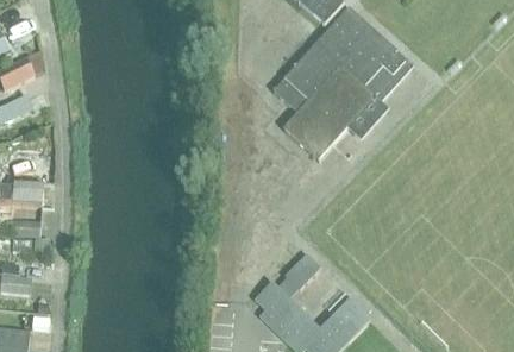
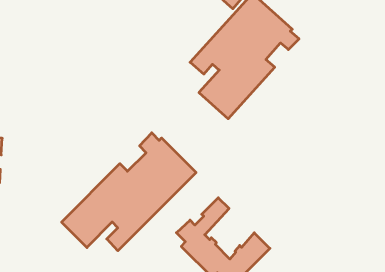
building: none -> [62,133,196,251]

